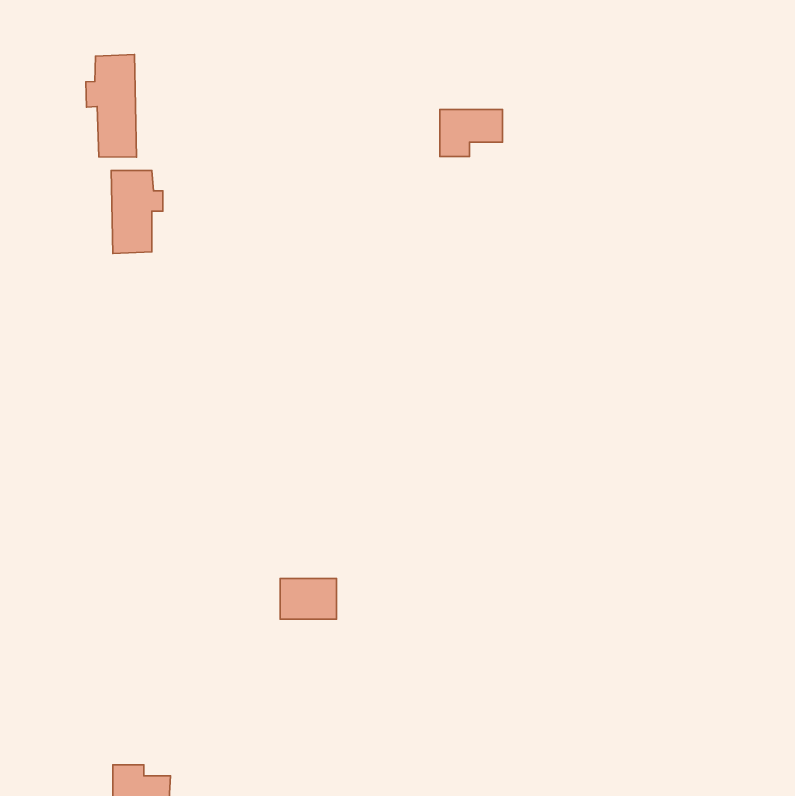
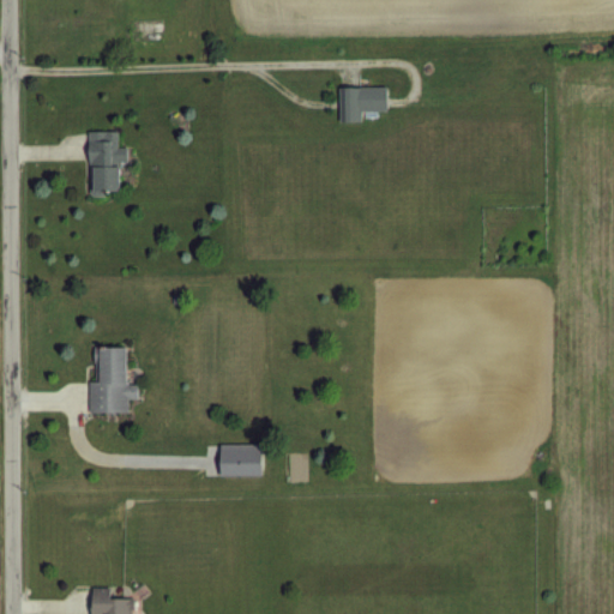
building: [86,55,136,157] -> none
building: none -> [90,349,140,413]

